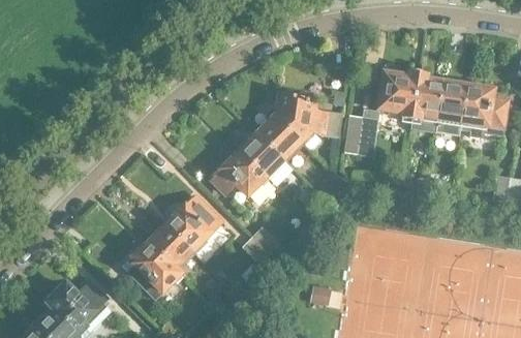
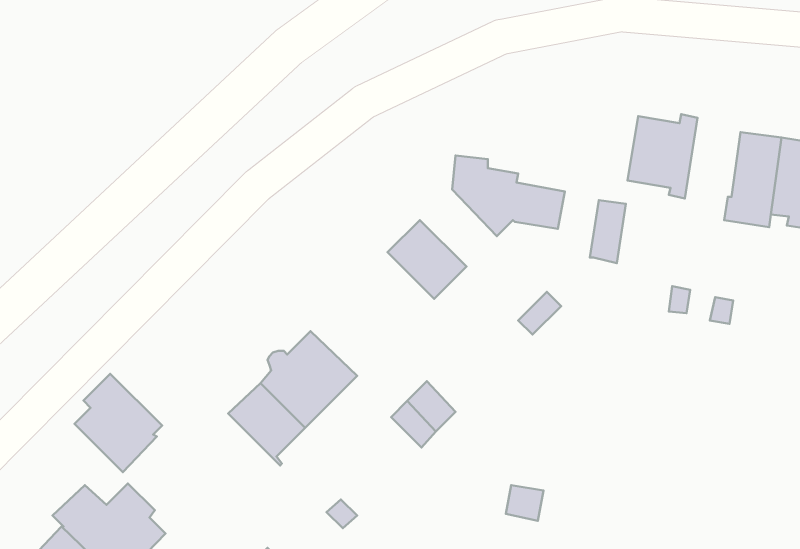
building: [409,71,442,130] -> none
building: [257,113,302,157] -> none
building: [212,149,266,193] -> none
building: [126,242,177,299] -> [75,374,162,472]

